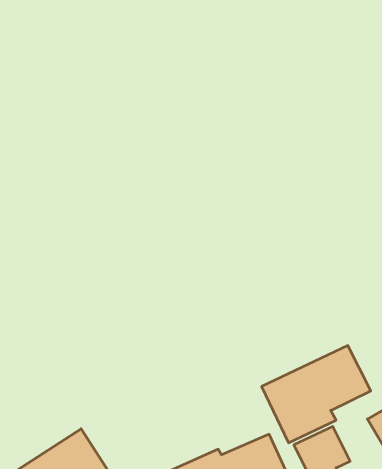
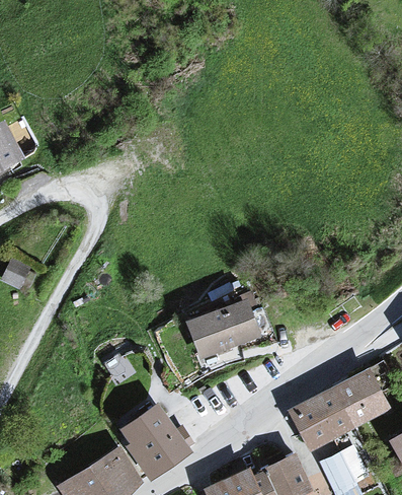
building: none -> [186,300,260,359]
building: none -> [120,404,191,479]

